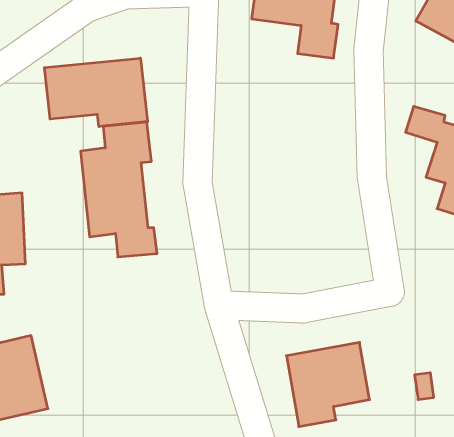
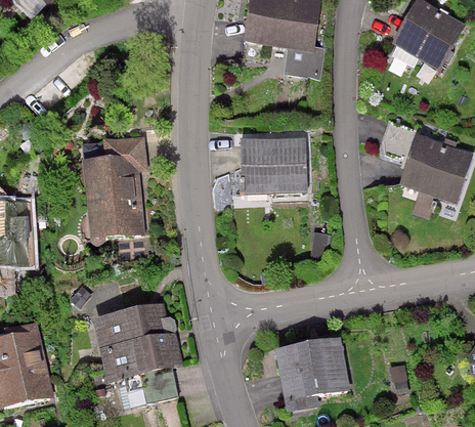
building: [44,58,148,127] -> none
building: none -> [238,137,308,193]
building: none -> [93,303,186,401]

